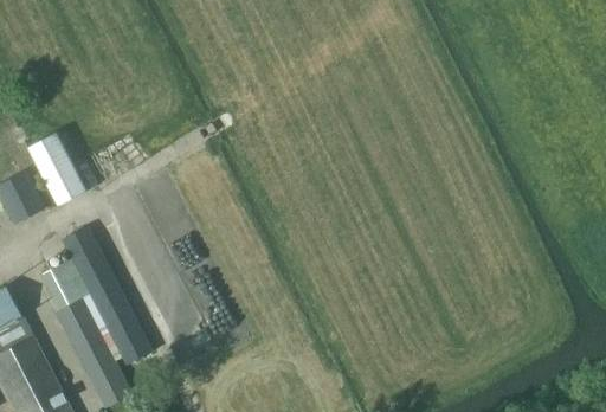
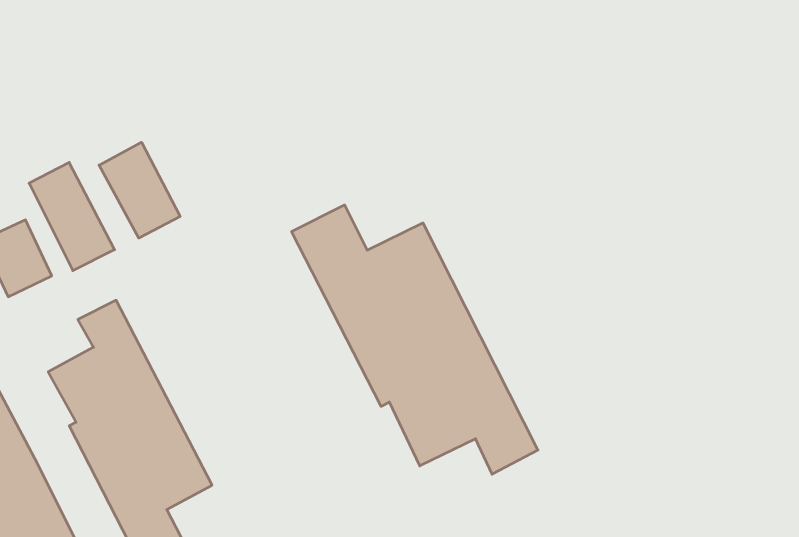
building: none -> [99,142,180,238]
building: none -> [292,205,538,474]

